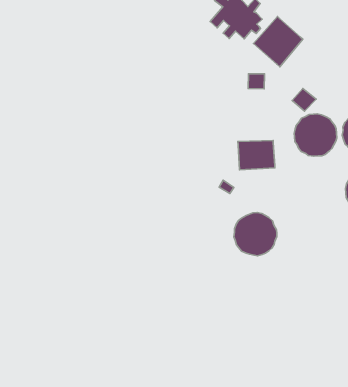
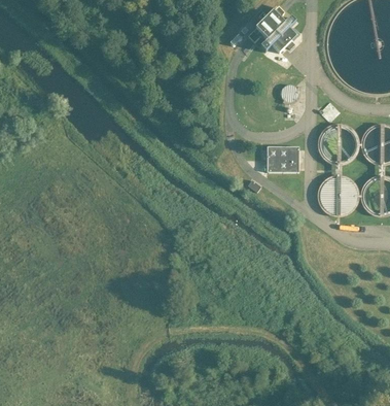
building: [254,17,303,67] -> none
building: [234,213,277,256] -> [317,176,356,215]

